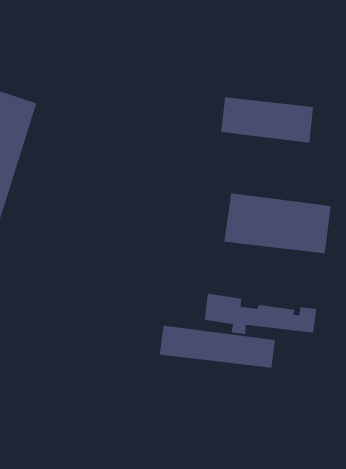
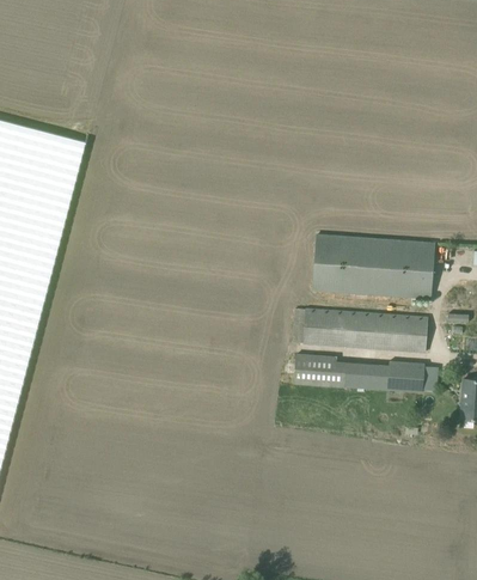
building: [221,96,313,144] -> none
building: [159,325,276,368] -> [293,307,428,350]

